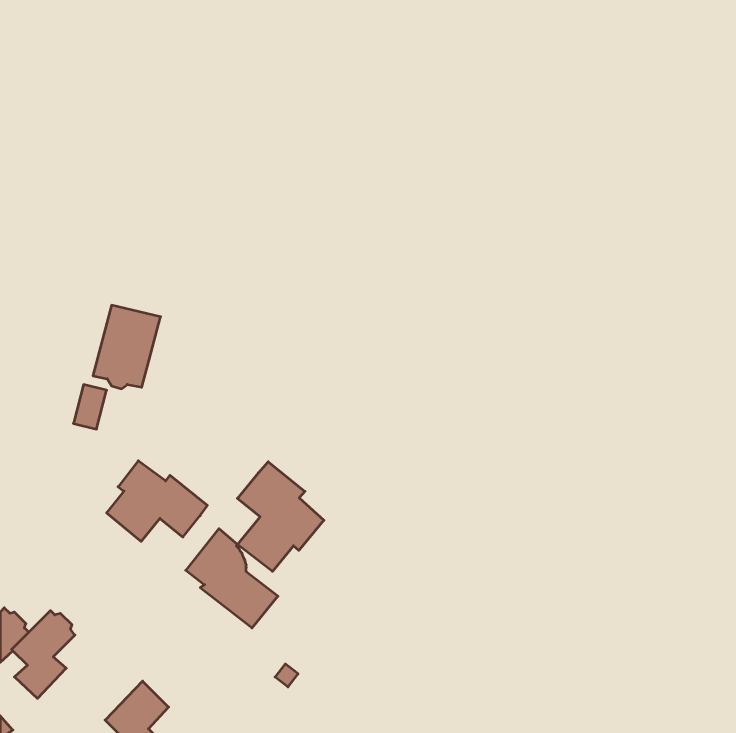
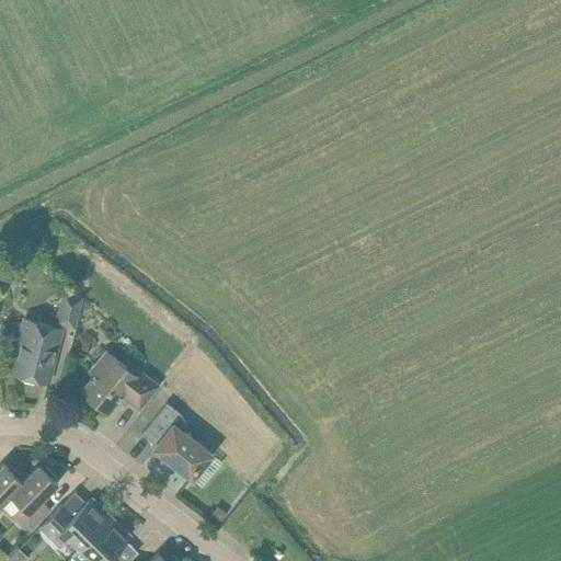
building: [93,305,161,389] -> [10,321,61,385]
building: [237,462,324,571] -> none
building: none -> [39,501,108,550]

